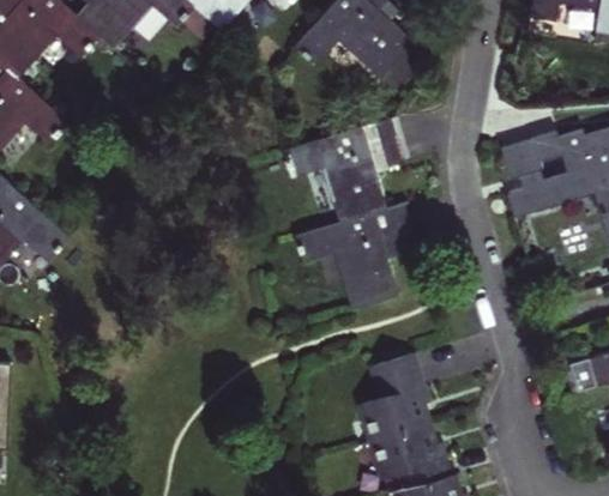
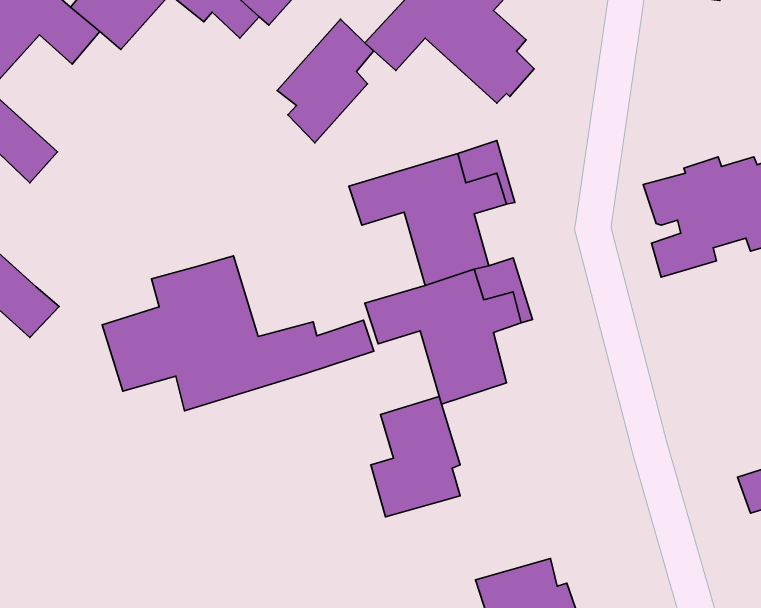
building: none -> [277,19,373,143]
building: none -> [102,256,374,411]
building: [364,351,430,440] -> [371,396,460,517]

